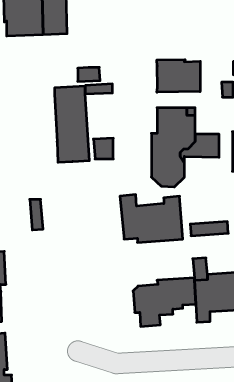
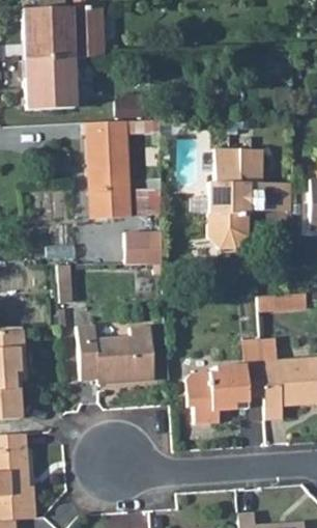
building: none -> [25,57,75,109]
building: [157,60,200,92] -> none
building: none -> [124,232,161,263]
building: [120,195,183,242] -> [76,324,154,384]

